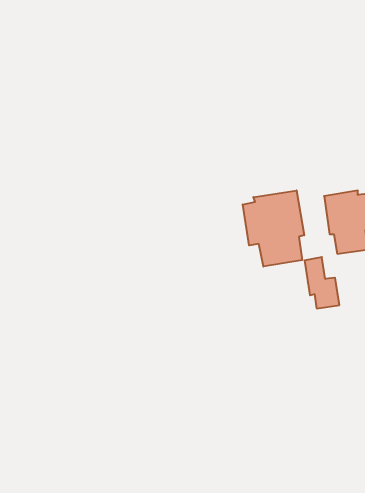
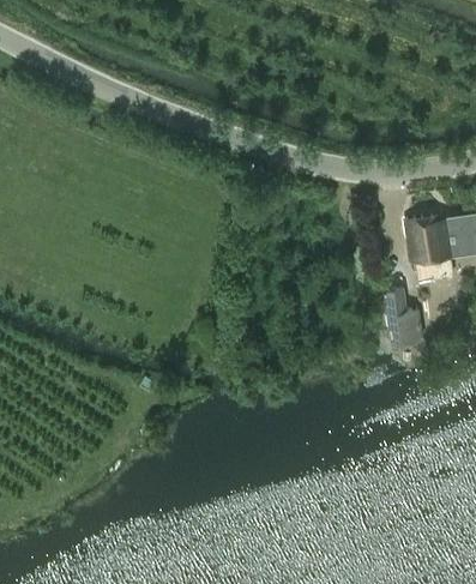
building: [243,190,304,267] -> none

